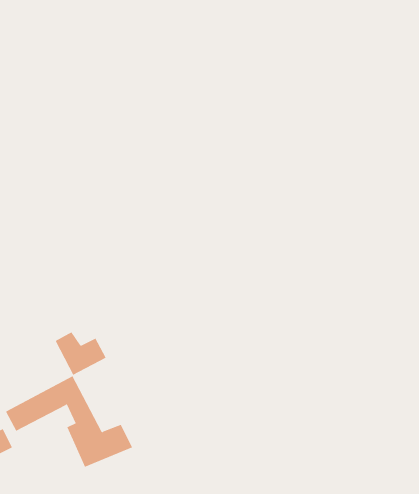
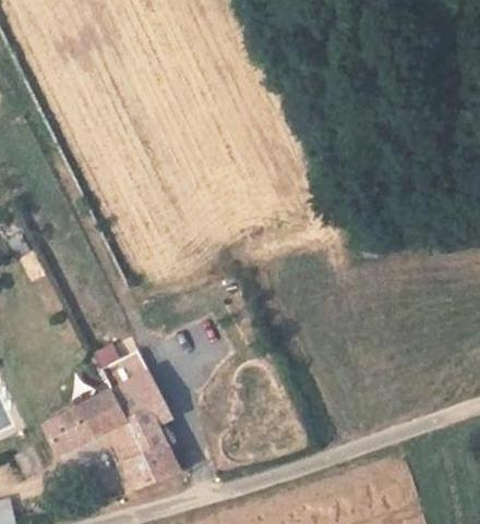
building: none -> [115,373,170,449]

